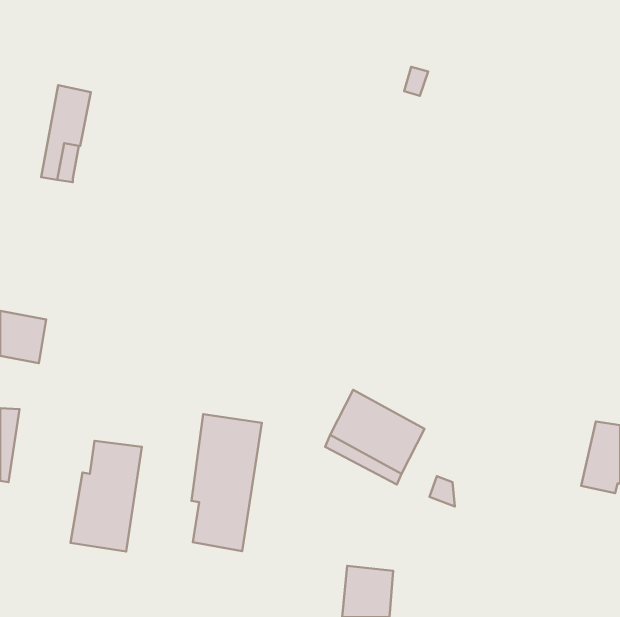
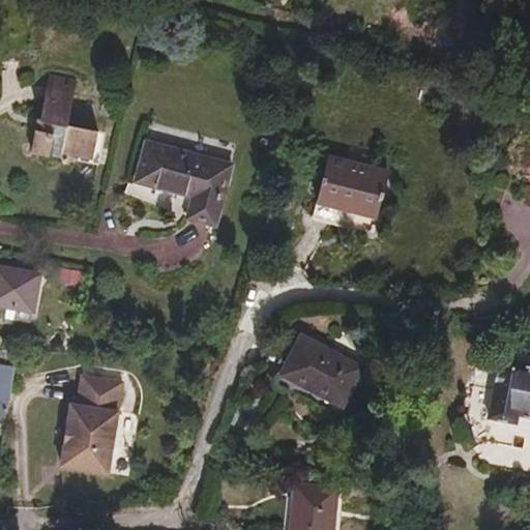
building: none -> [62,124,98,157]
building: none -> [137,140,232,224]
building: none -> [313,155,389,230]
building: [191,414,262,551] -> none

